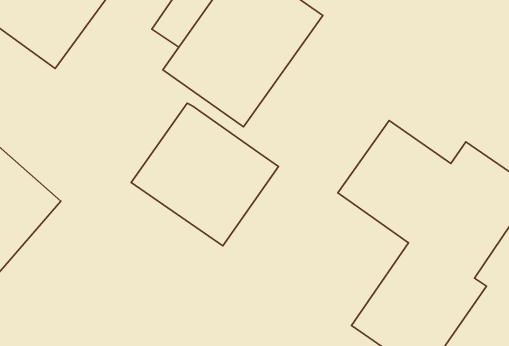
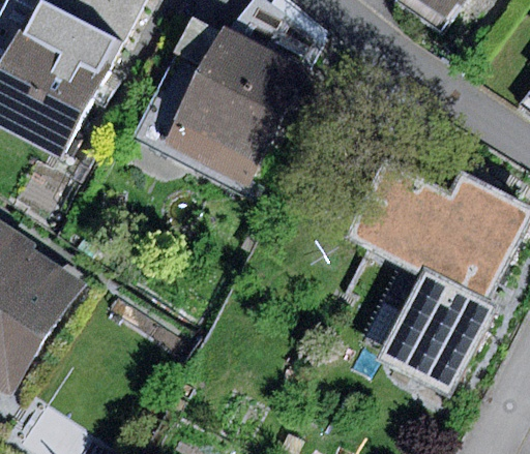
building: [131,103,279,246] -> none

